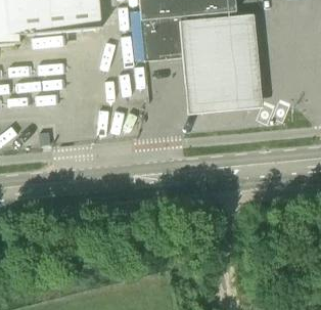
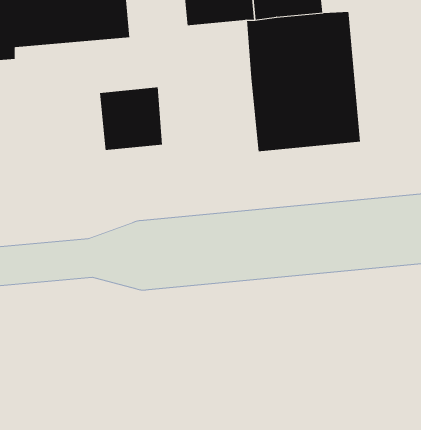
building: [139,15,184,60] -> [99,87,163,151]

